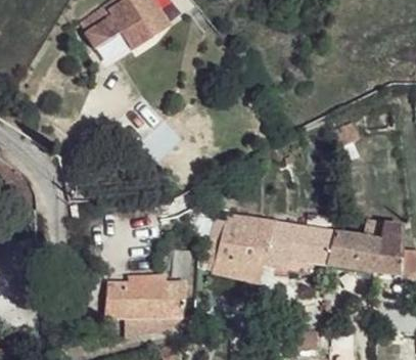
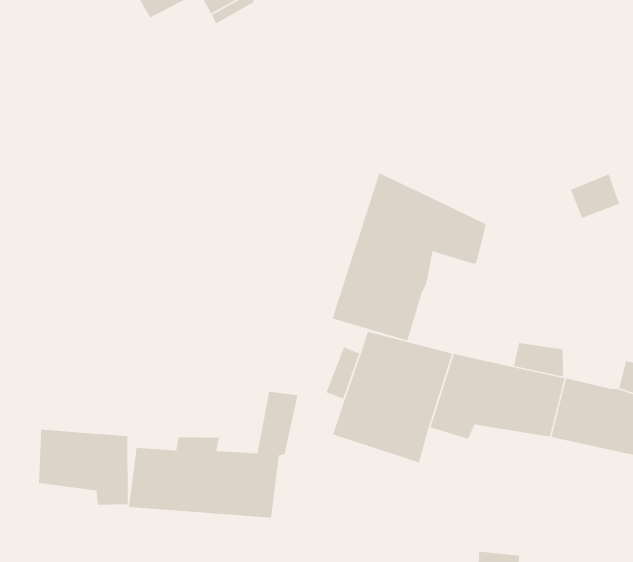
building: none -> [331,172,487,341]
building: none -> [38,429,128,505]

